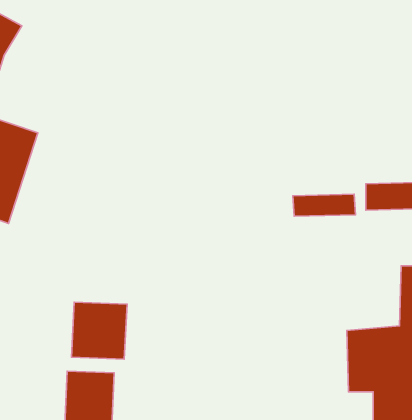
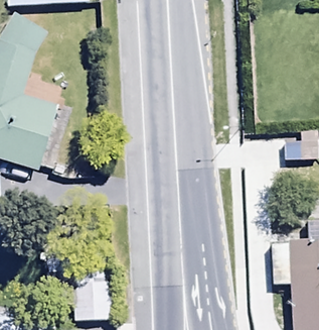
building: [72,302,127,359] -> none

